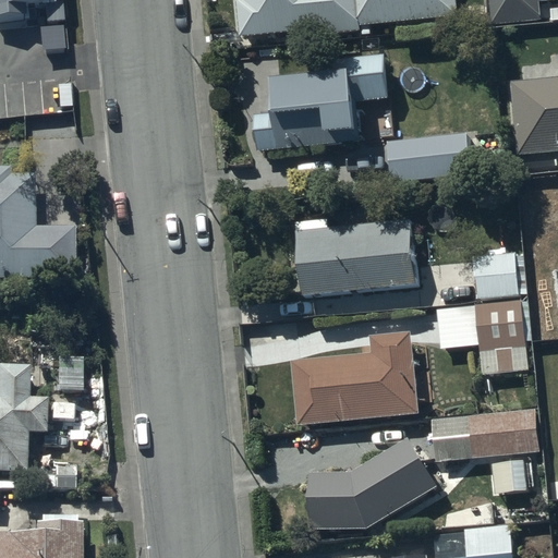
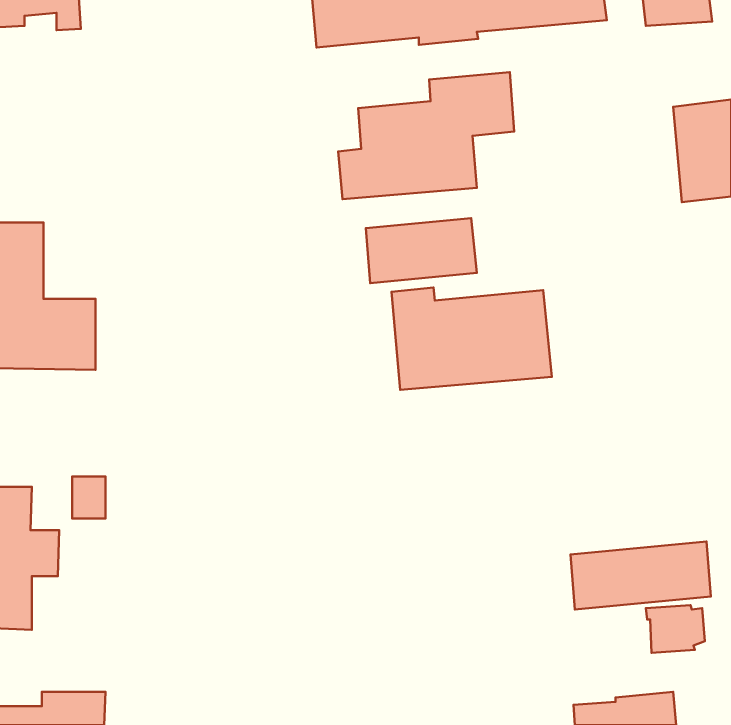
building: [387,133,471,182] -> [366,218,477,283]
building: [436,252,534,372] -> none
building: [291,332,427,425] -> none
building: [310,438,438,530] -> none

